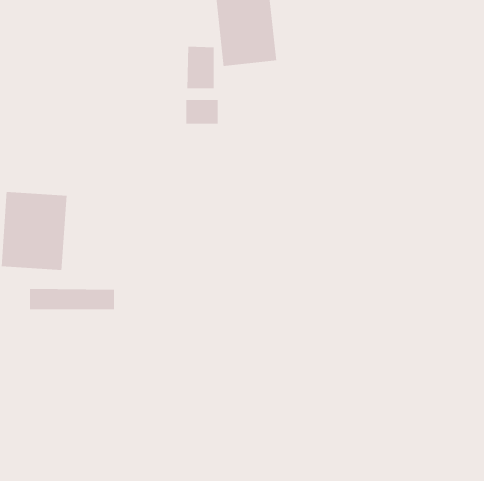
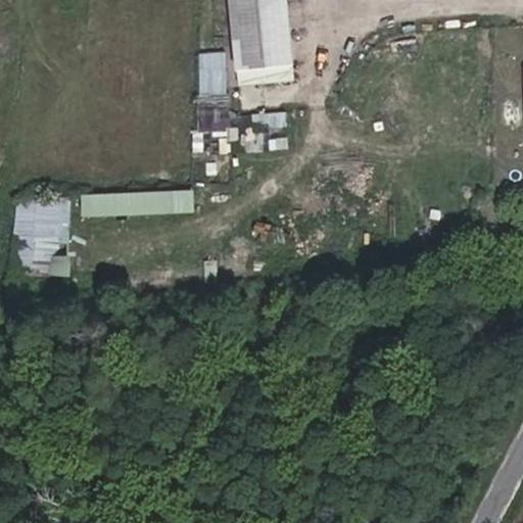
building: [29,288,115,310] -> [88,191,175,213]

